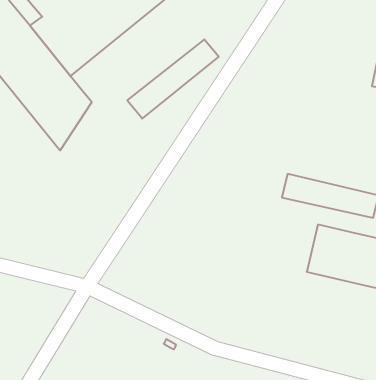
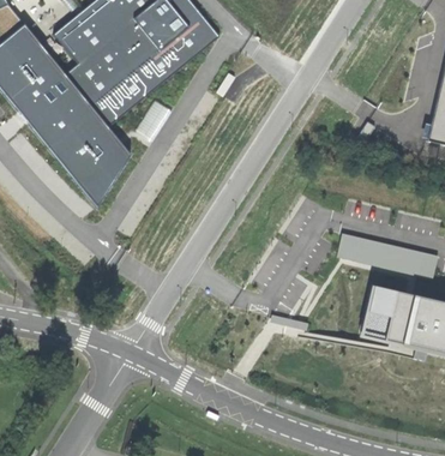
building: [127,39,219,119] -> none

